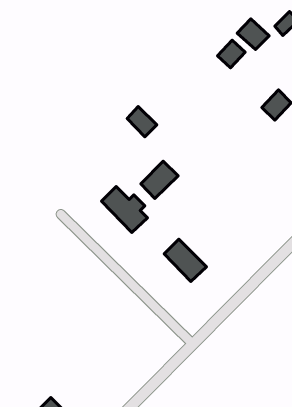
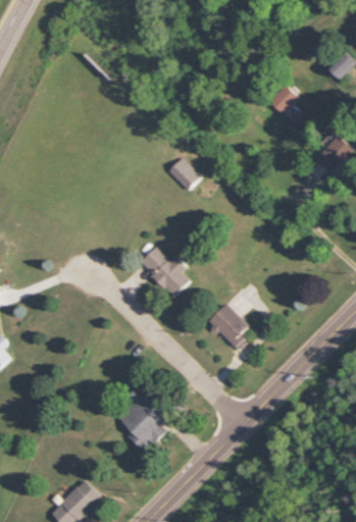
building: [237,19,269,49] -> none
building: [141,161,178,198] -> none
building: none -> [117,387,170,452]

